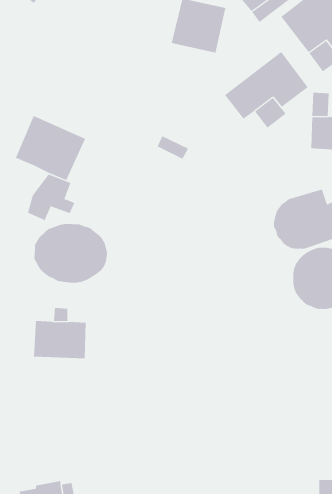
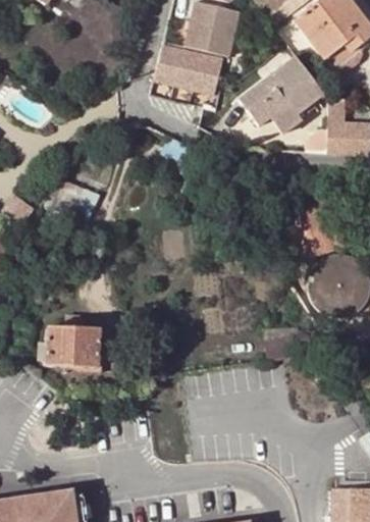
building: none -> [157,47,219,93]
building: [15,115,86,181] -> none
building: [34,223,107,283] -> none

